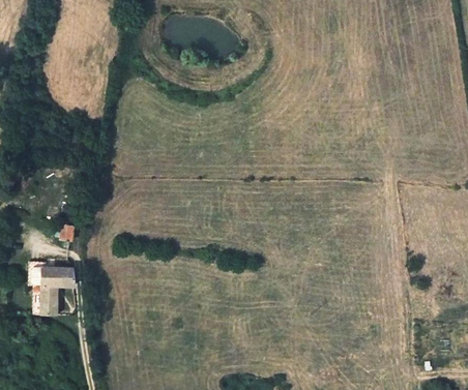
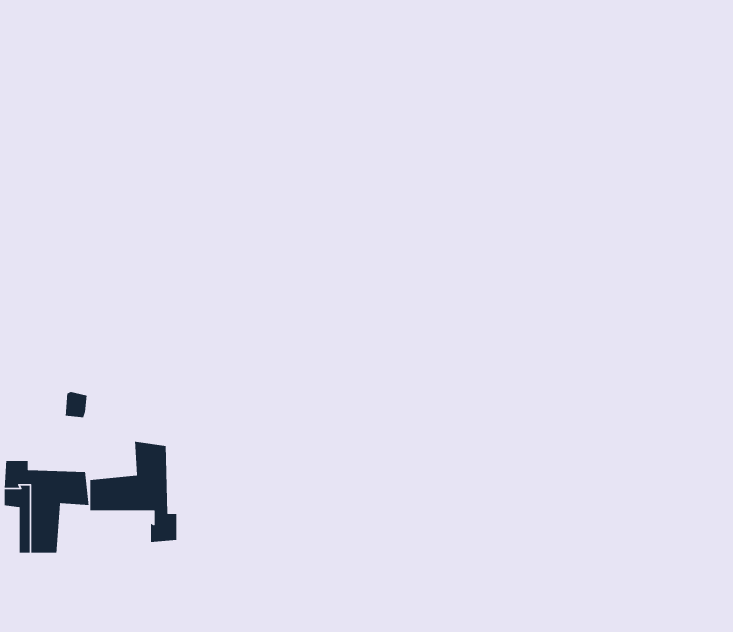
building: none -> [90,441,177,543]

